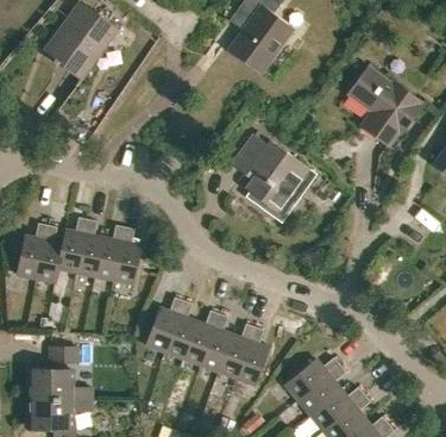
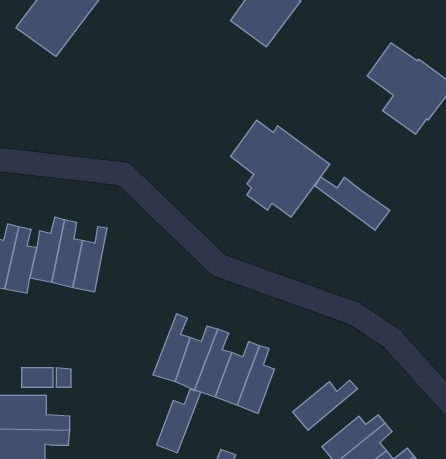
building: none -> [315,177,390,230]
building: [113,226,140,285] -> none
building: [145,298,183,352] -> [157,389,201,453]
building: [296,364,345,414] -> none

